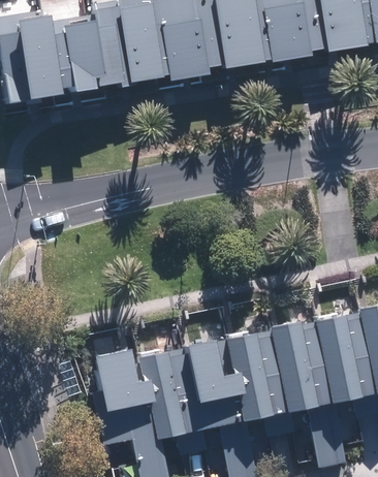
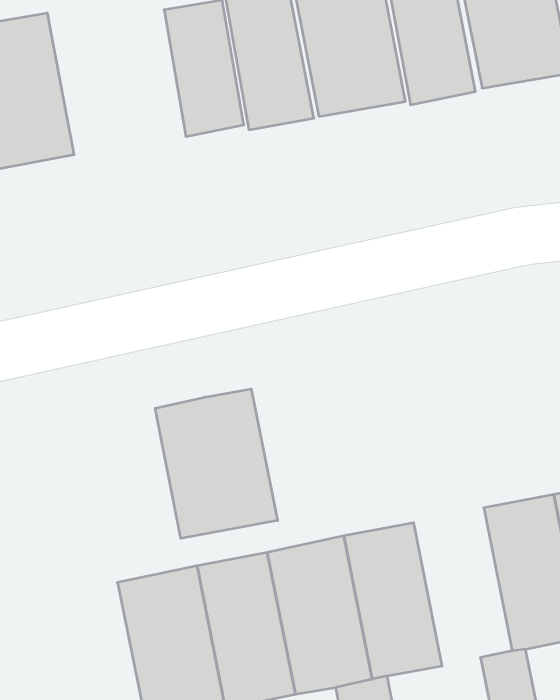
building: [52,9,126,97] -> none
building: none -> [155,389,278,538]
building: [273,316,334,414] -> none

